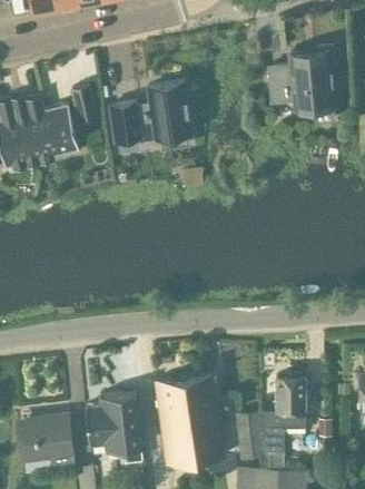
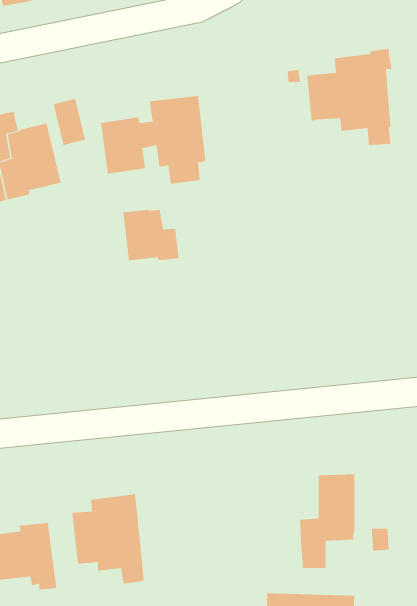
building: none -> [123,209,179,261]
building: [155,373,223,464] -> none
building: [235,412,265,460] -> none

